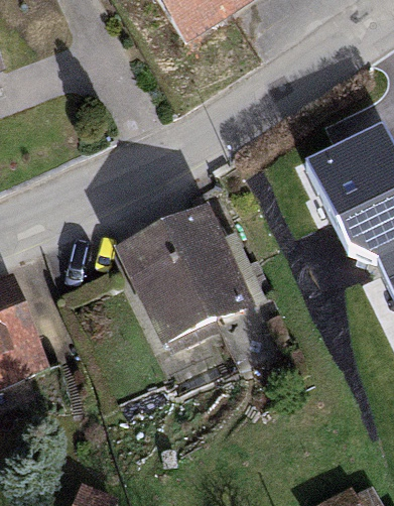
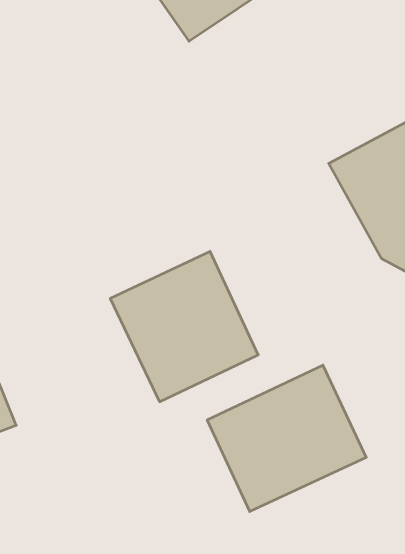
building: none -> [207,365,366,512]

